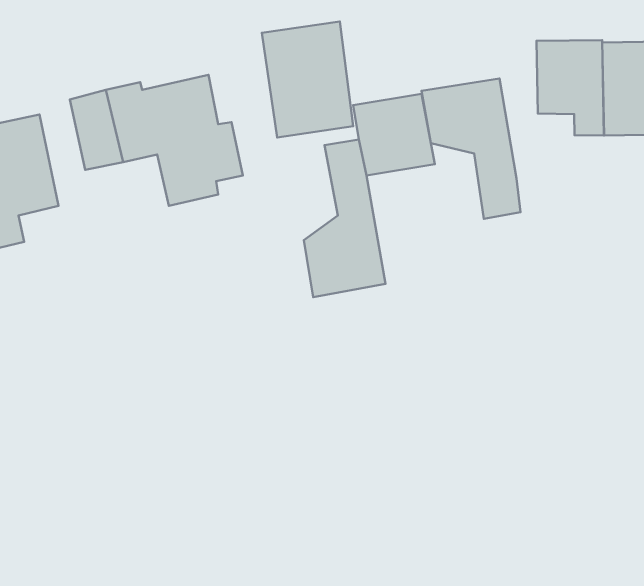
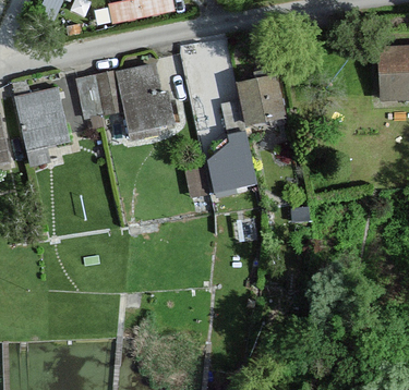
building: [537,40,604,135] -> none
building: [422,78,521,219] -> none

